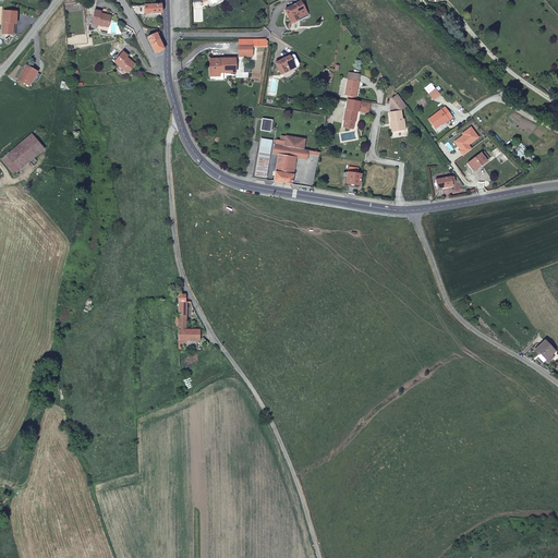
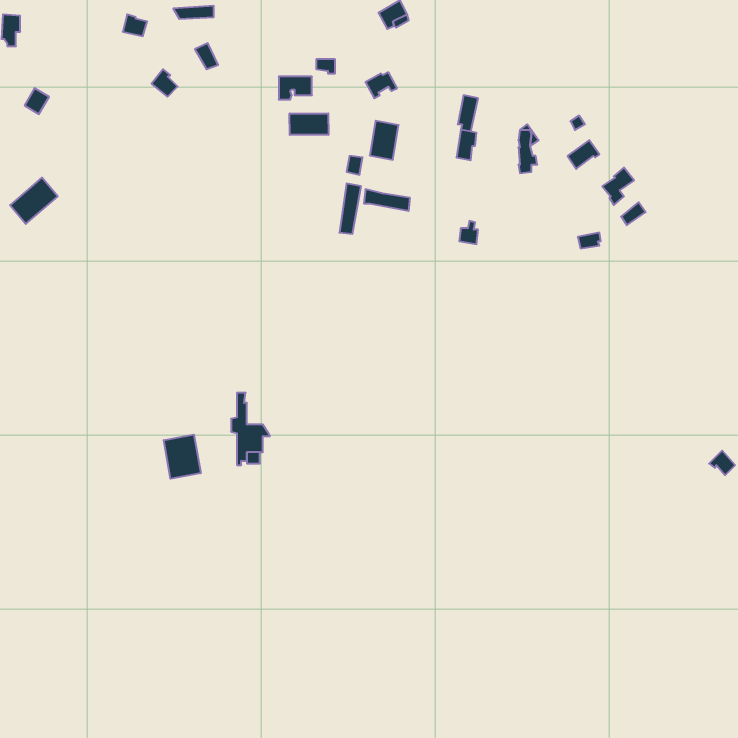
building: none -> [290,113,328,135]
building: [275,154,296,183] -> [370,121,399,160]
building: none -> [164,435,201,479]

